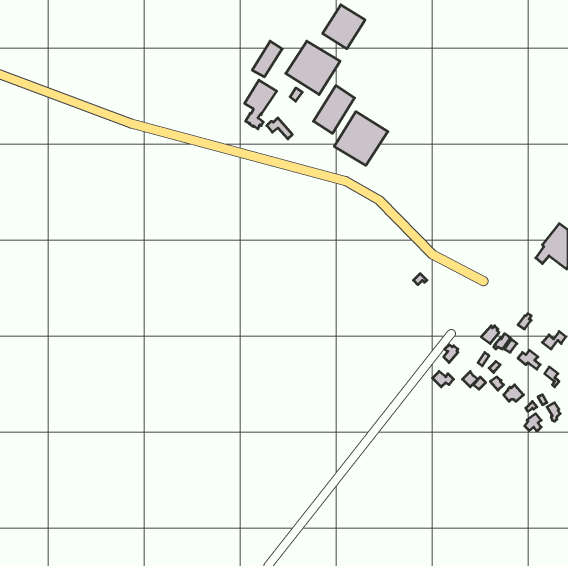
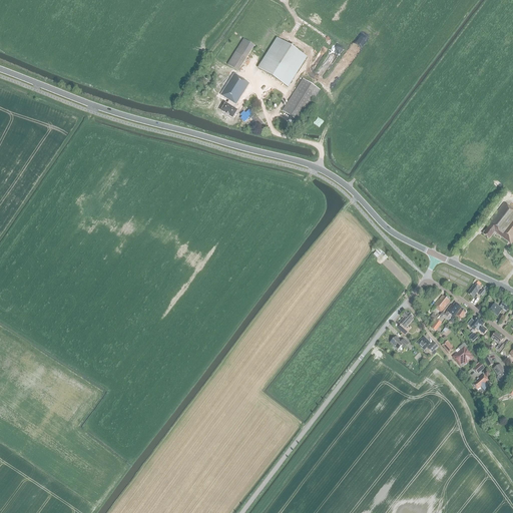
building: [323,5,365,49] -> none
building: [334,112,388,165] -> none

